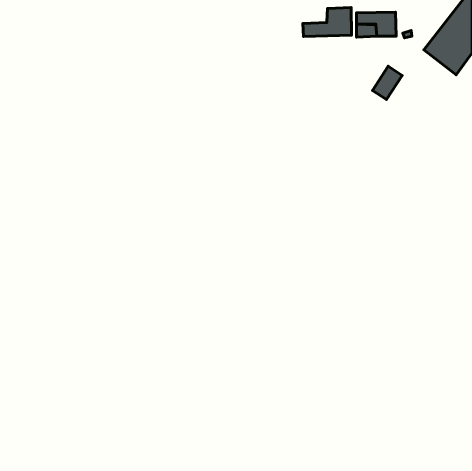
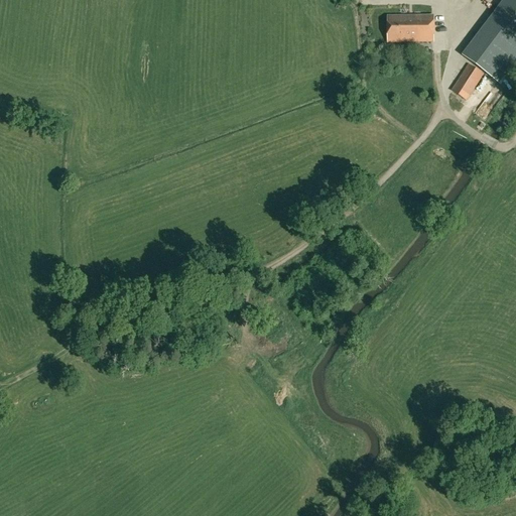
building: [303,8,352,36] -> none
building: [373,66,402,100] -> [452,62,484,99]

